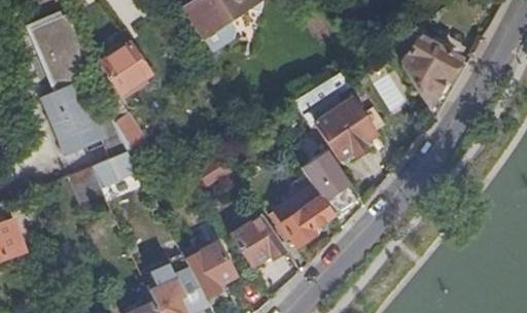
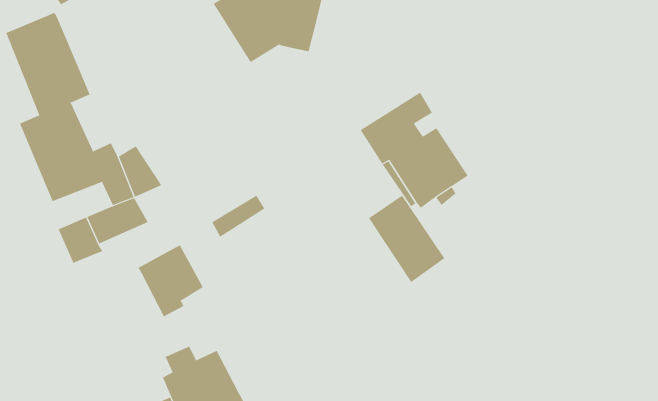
building: [402,38,468,119] -> none
building: [102,43,150,93] -> none
building: [274,185,333,248] -> none
building: [233,215,286,267] -> none
building: [185,244,235,299] -> [138,244,203,317]

